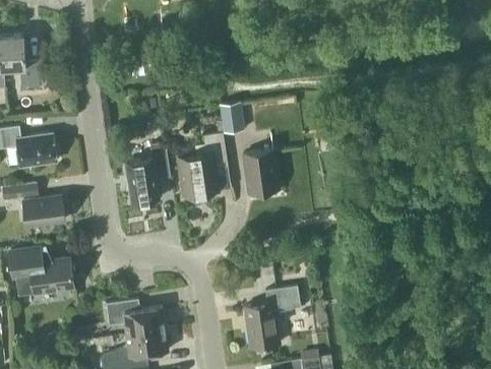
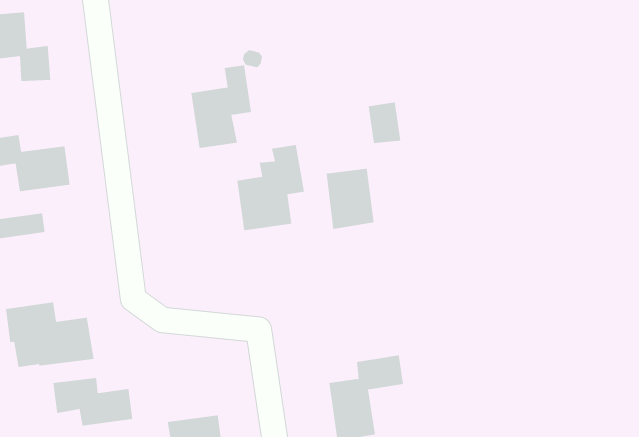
building: [220,102,244,132] -> [368,102,401,144]
building: [125,142,170,203] -> [191,65,252,149]
building: [22,196,65,226] -> none
building: [106,299,165,334] -> [52,377,133,426]

